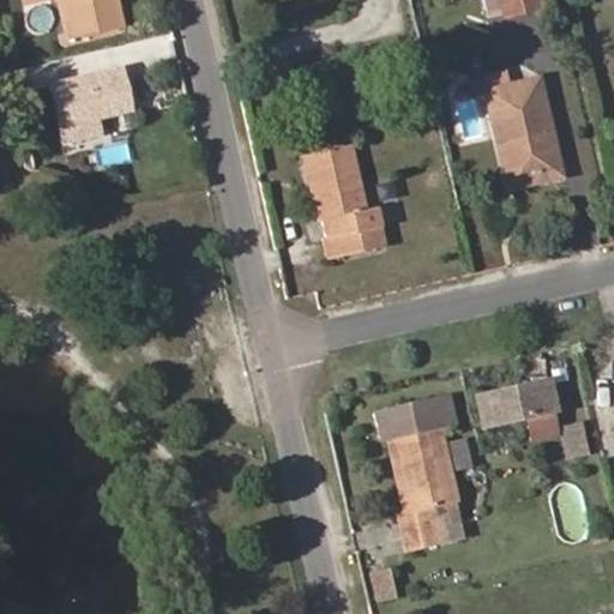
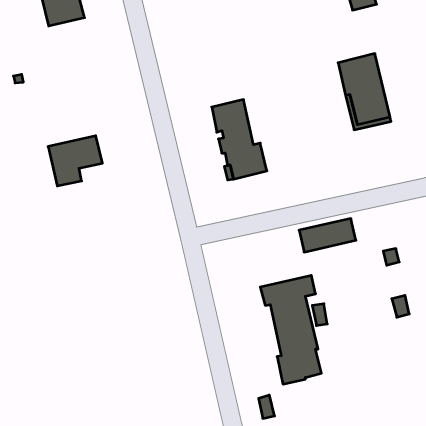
building: [54,68,132,140] -> [48,136,102,186]
building: [476,378,558,426] -> [299,219,356,252]

